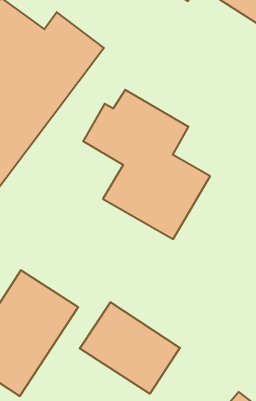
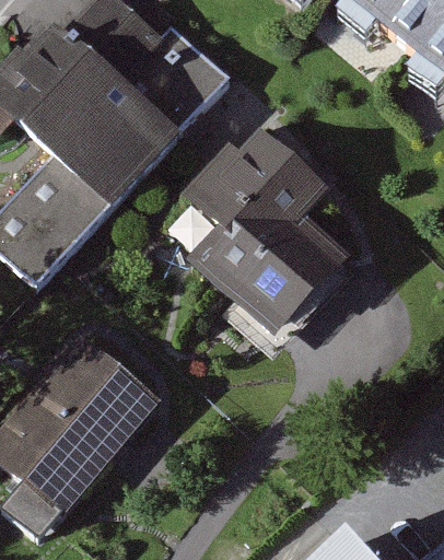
building: [80,302,180,394] -> none

